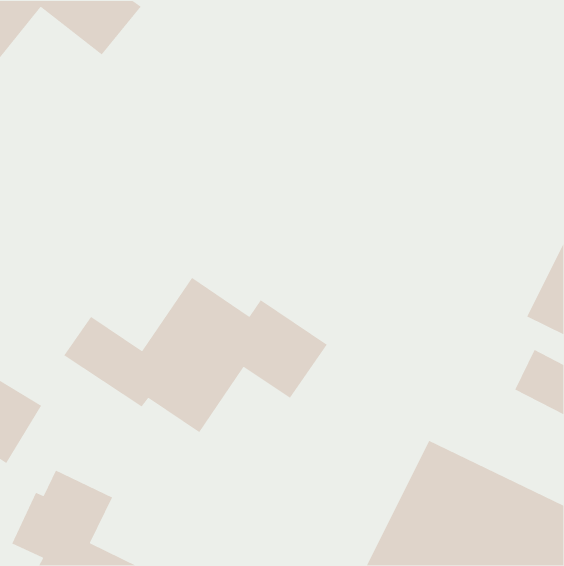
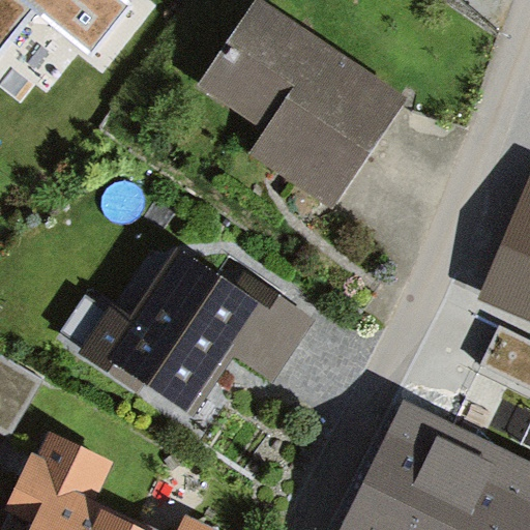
building: none -> [204,7,398,202]

